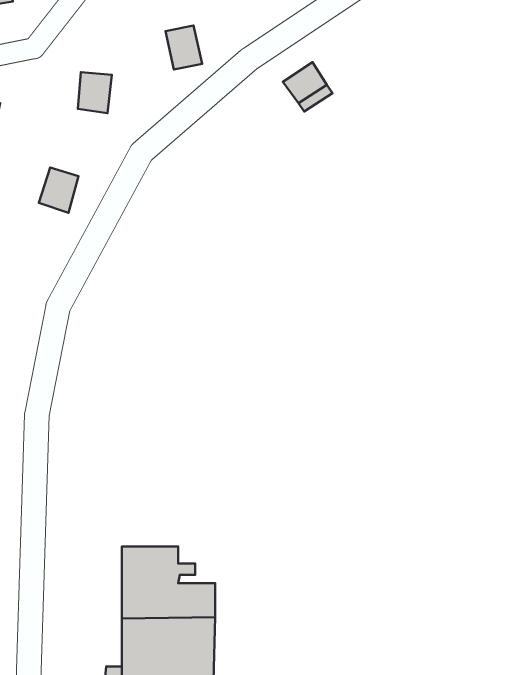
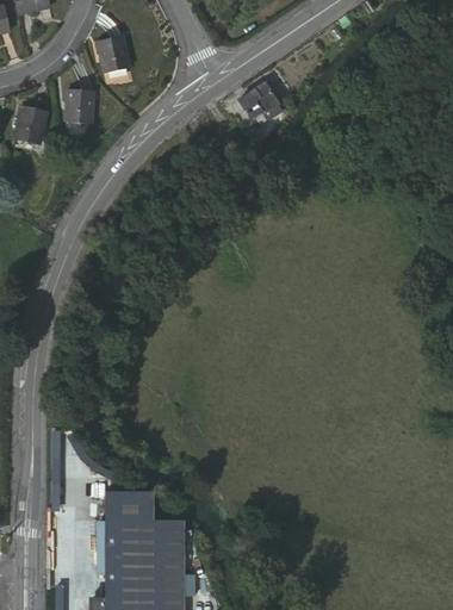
building: [165,26,202,69] -> [97,38,128,75]
building: [39,168,79,213] -> [15,105,49,143]

